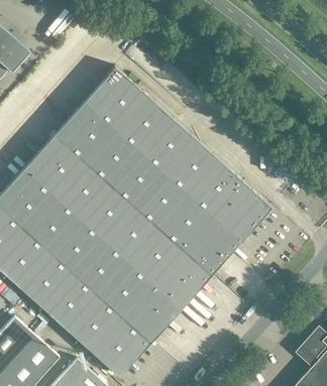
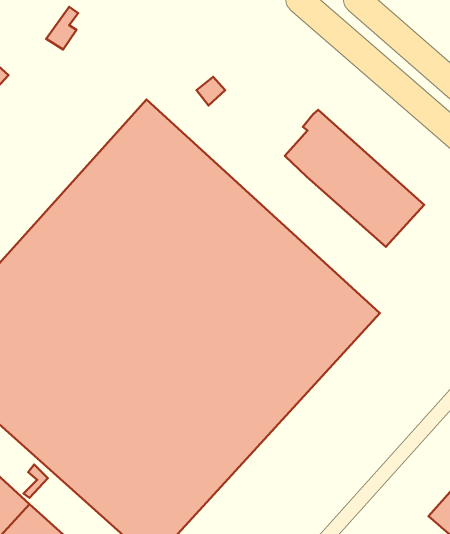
building: none -> [285,110,424,247]

